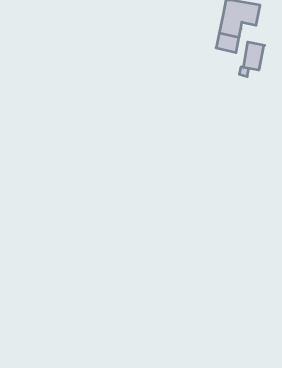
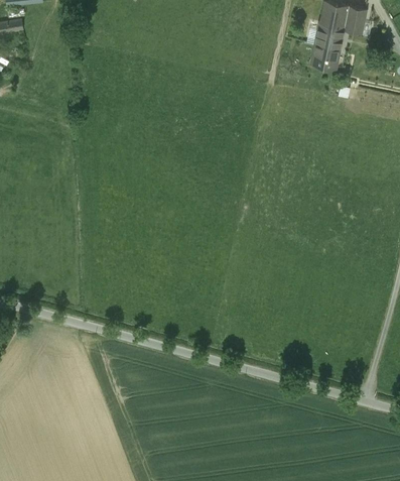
building: [244,42,265,70] -> none

